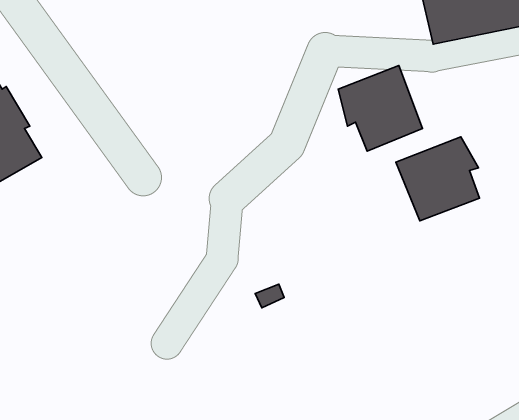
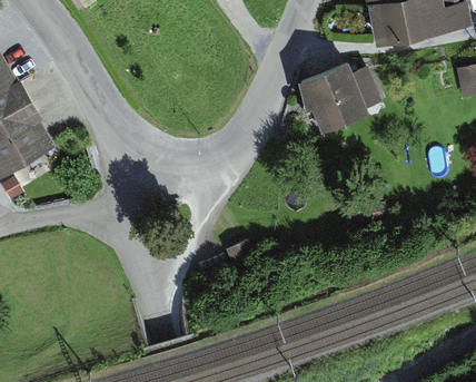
building: [396,137,480,221] -> none

